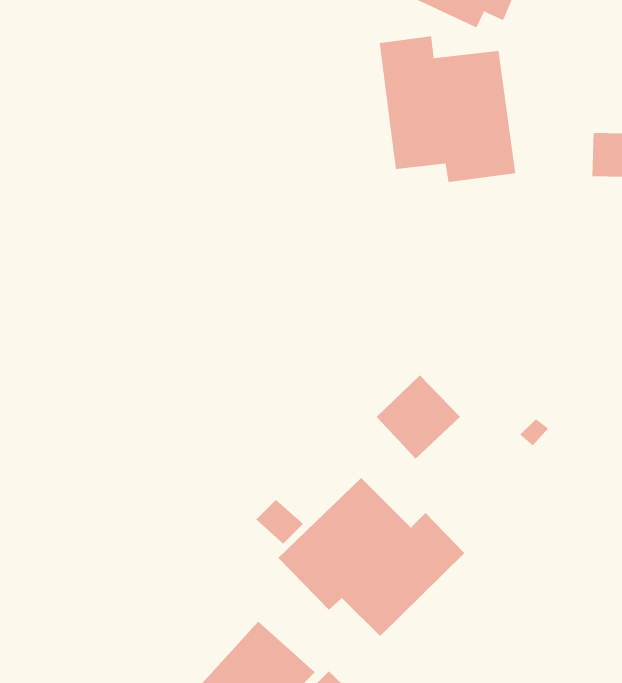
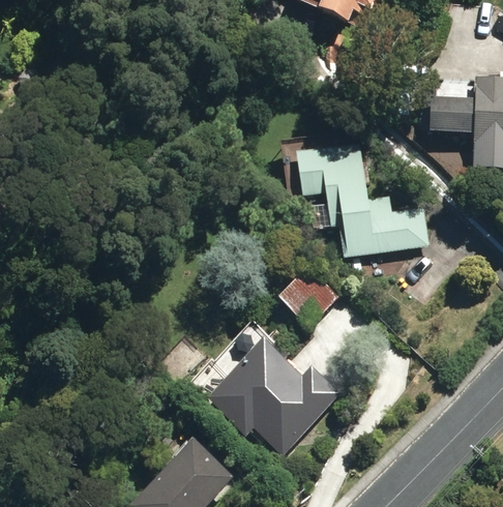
building: [379,35,516,183] -> none
building: none -> [294,147,427,257]

